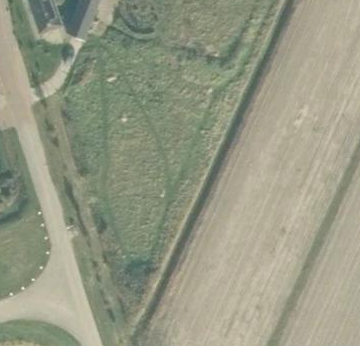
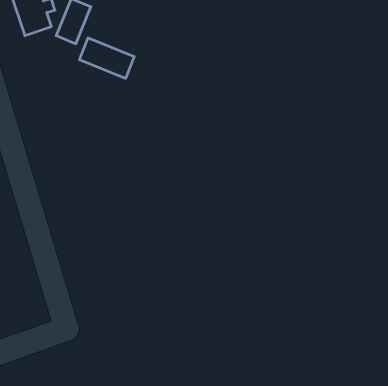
building: none -> [79,38,134,78]

